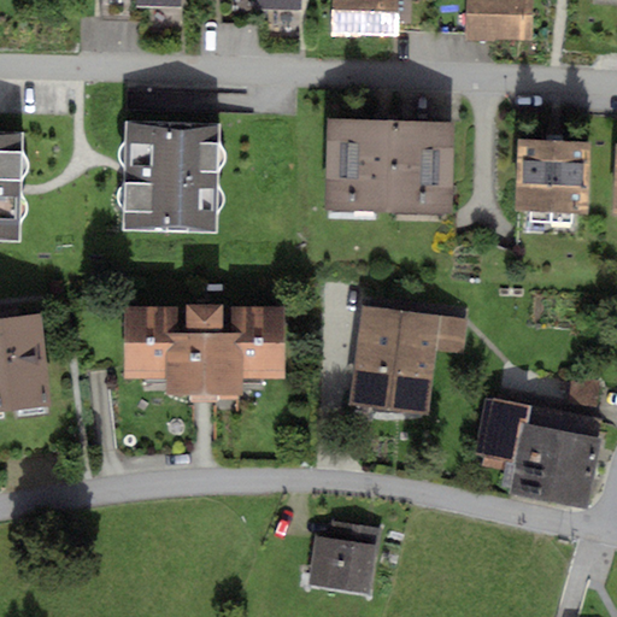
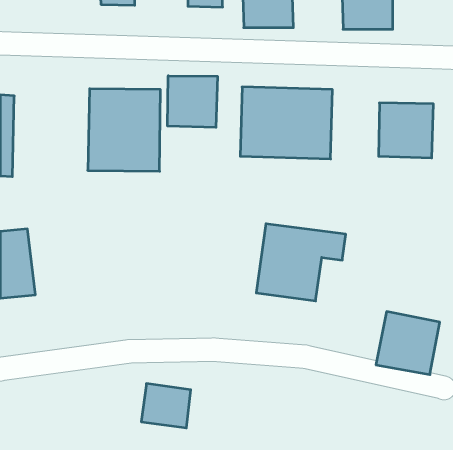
building: none -> [168,76,217,127]
building: [123,302,282,398] -> none
building: [475,398,528,460] -> none
building: [311,533,378,593] -> [141,384,191,428]

